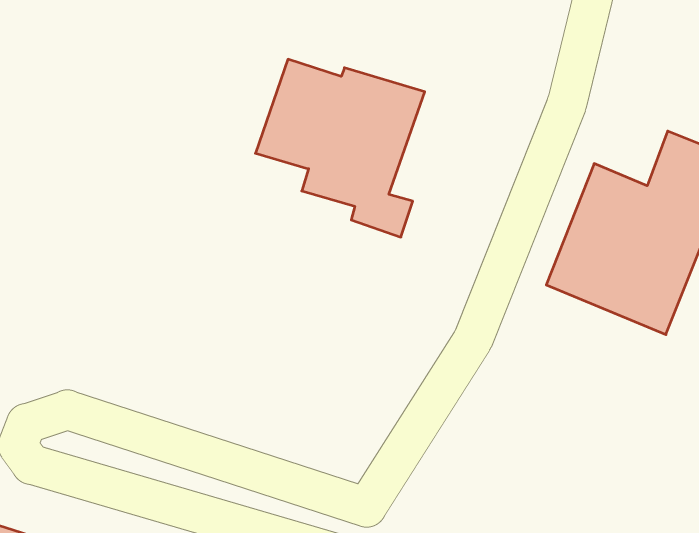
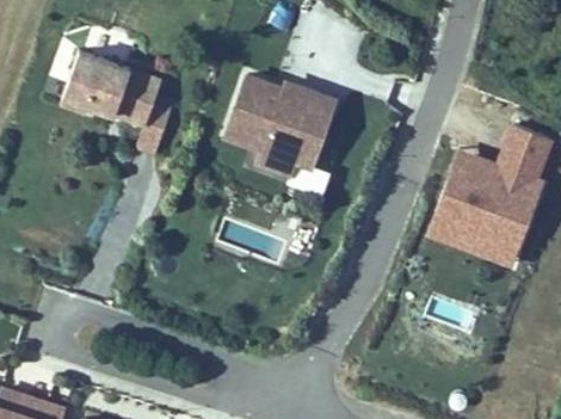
building: none -> [57,49,172,162]

